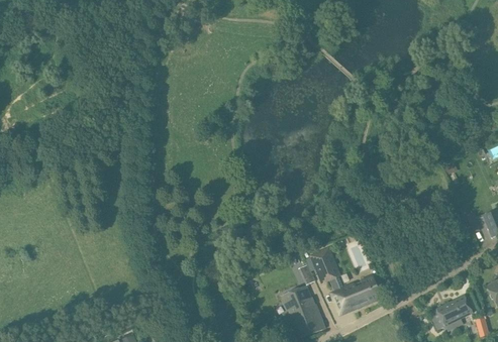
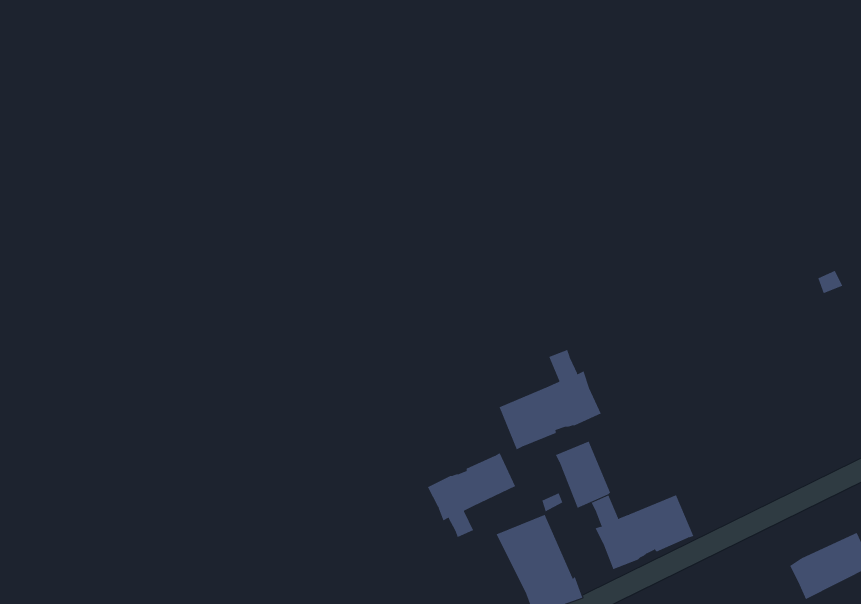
building: none -> [499,349,602,450]
building: none -> [427,452,516,538]

